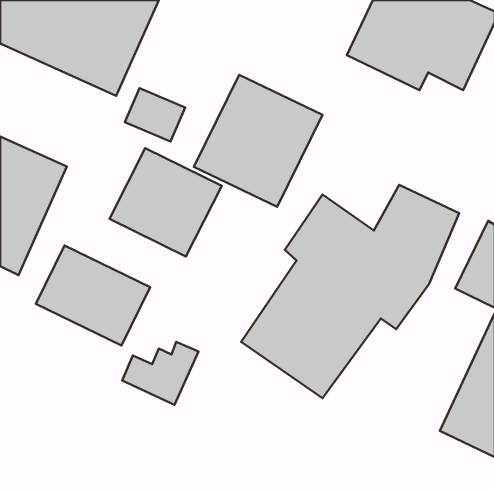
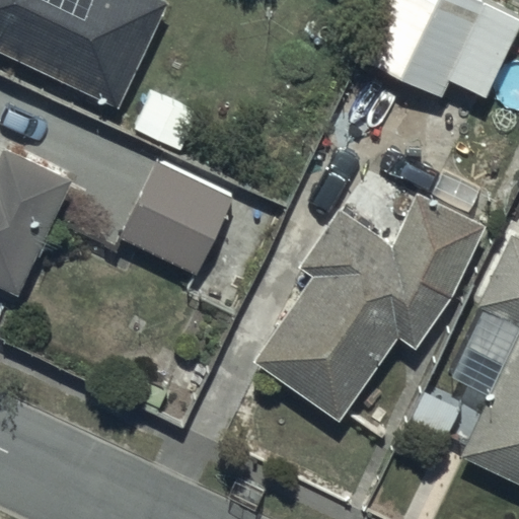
building: [194,75,323,207] -> none
building: [36,246,150,345] -> none

